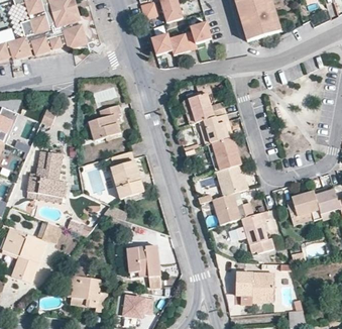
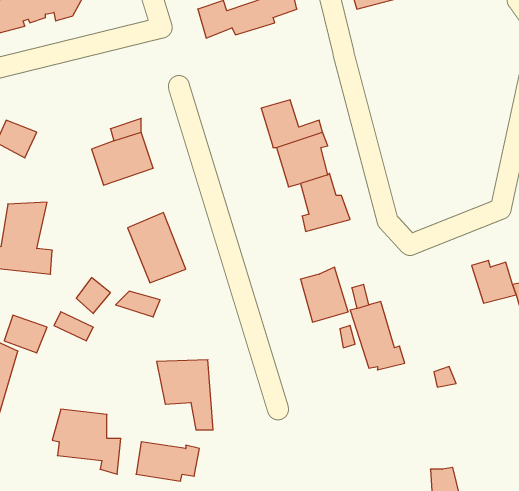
building: [216,162,246,195] -> none
building: [287,190,323,220] -> none
building: [236,271,274,303] -> none

